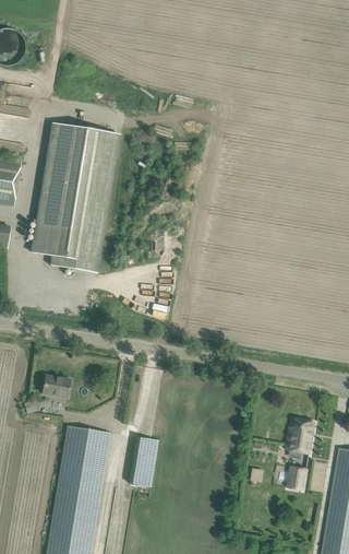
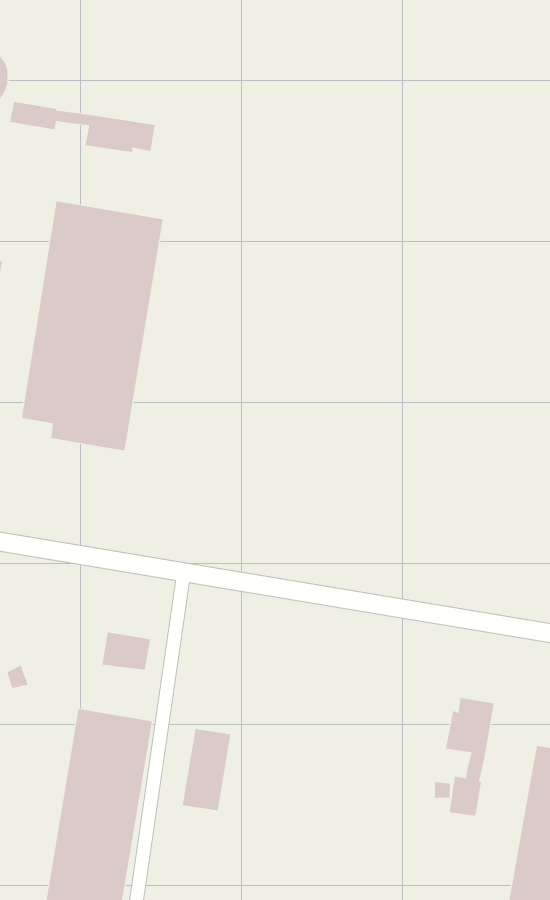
building: none -> [10,101,155,153]
building: [41,376,71,399] -> [102,632,151,670]

